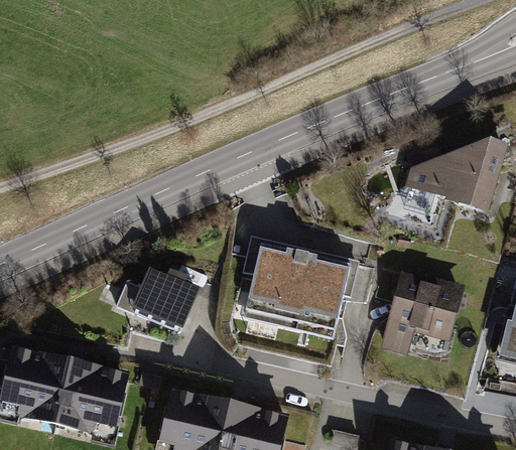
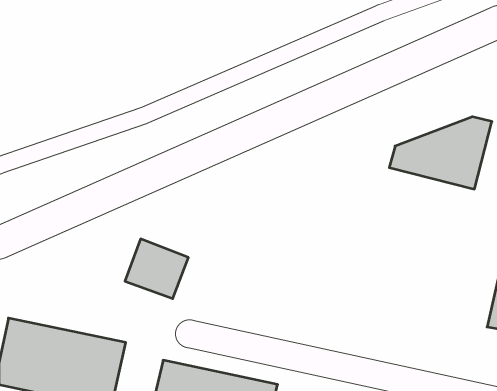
building: [239,244,353,333] -> none
building: [381,273,462,355] -> none

